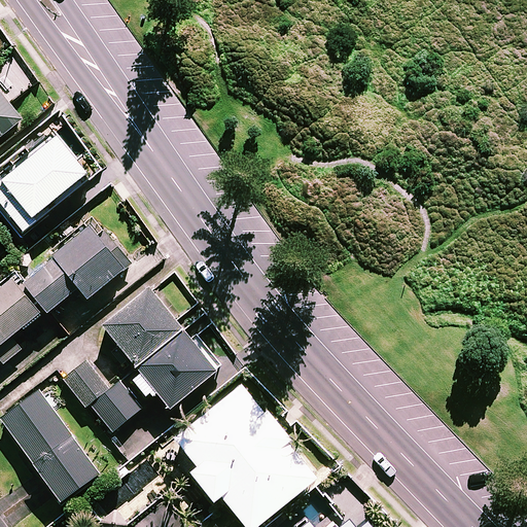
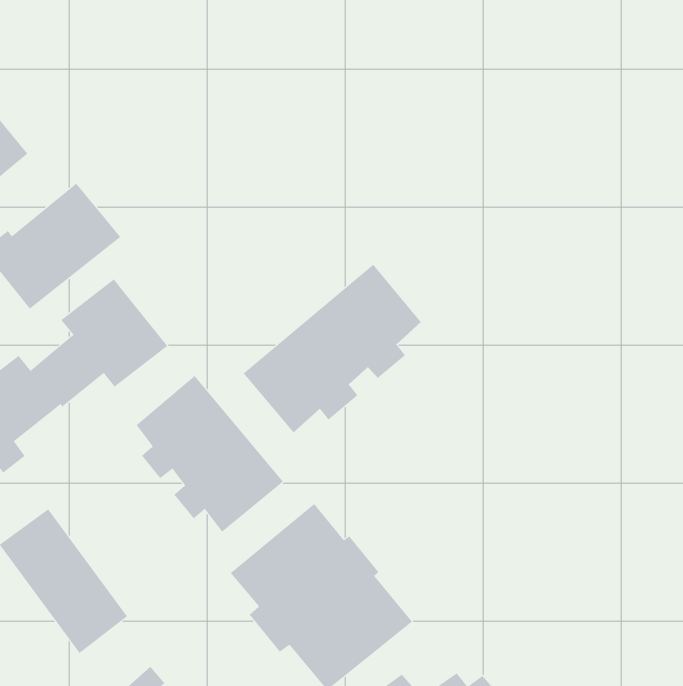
building: none -> [243,264,422,433]
building: [62,361,140,432] -> none

